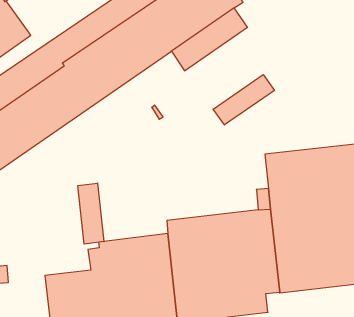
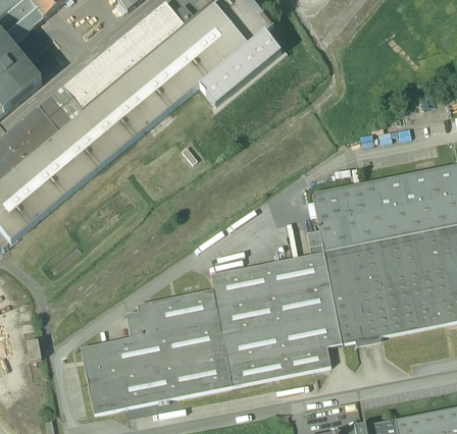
building: [213,75,274,125] -> none
building: [78,183,104,244] -> none

